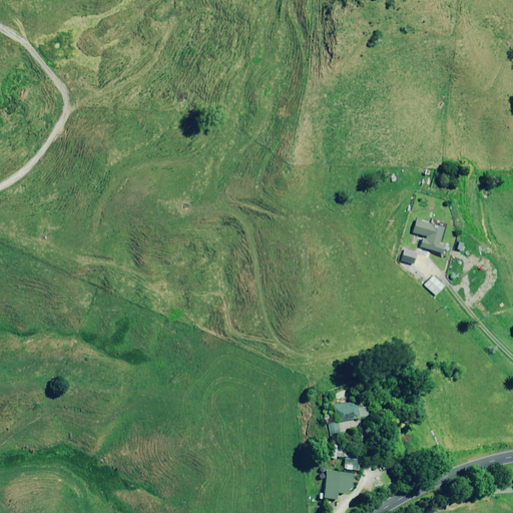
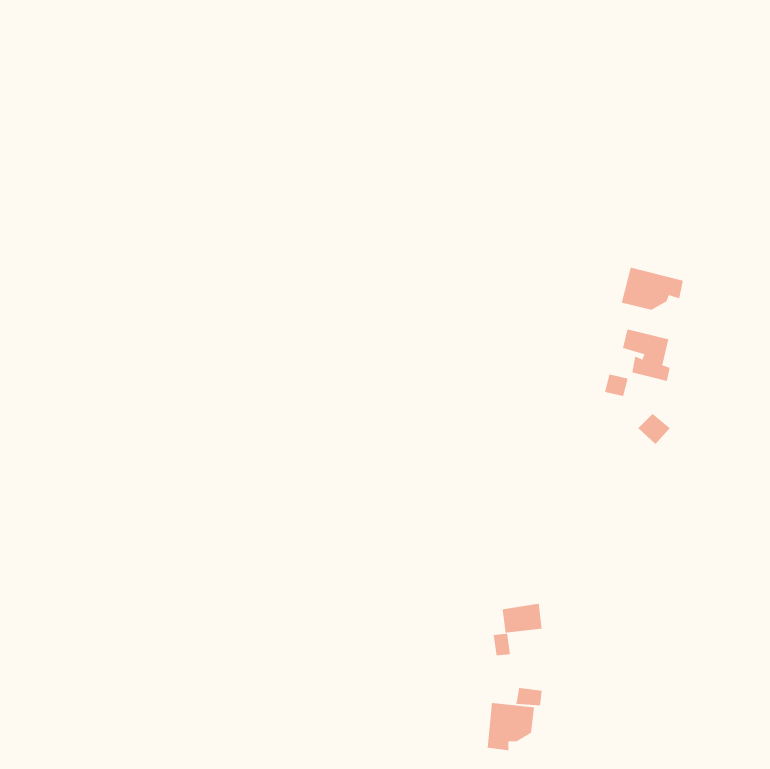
building: none -> [621,267,683,311]

